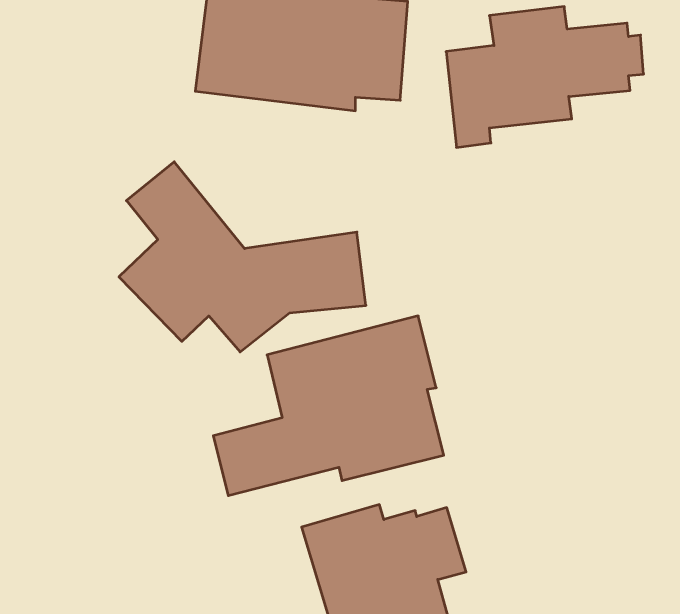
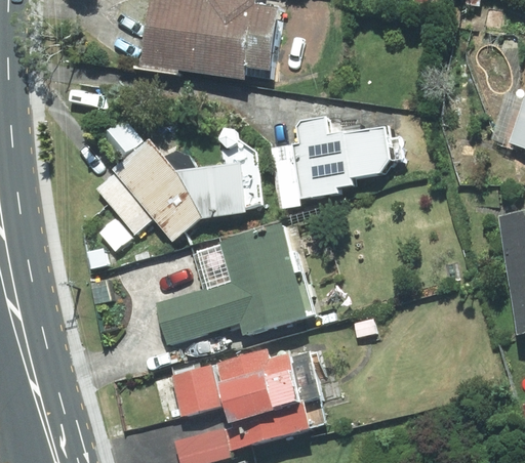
building: [446,7,644,147] -> [268,116,403,212]
building: none -> [169,365,220,416]

